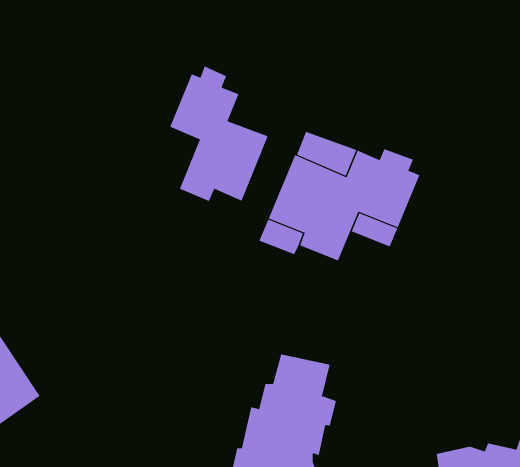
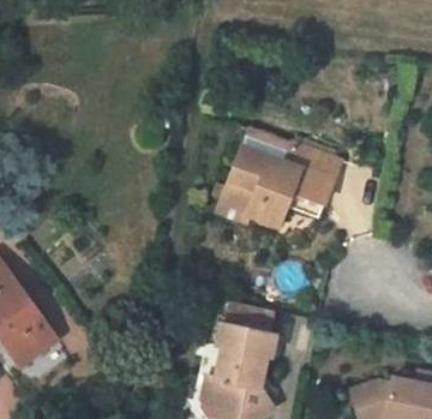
building: [169,66,268,202] -> none

